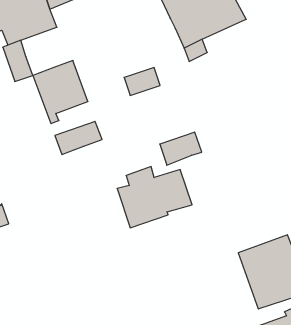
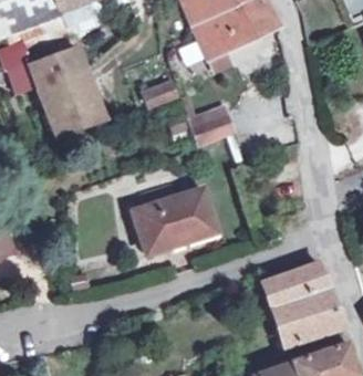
building: [55,121,102,155] -> [32,52,84,88]
building: [160,132,202,165] -> [189,114,236,150]

